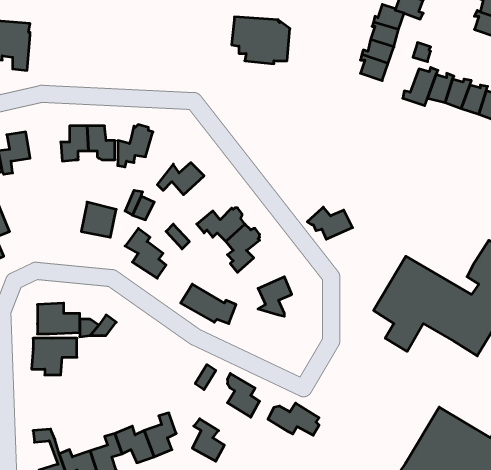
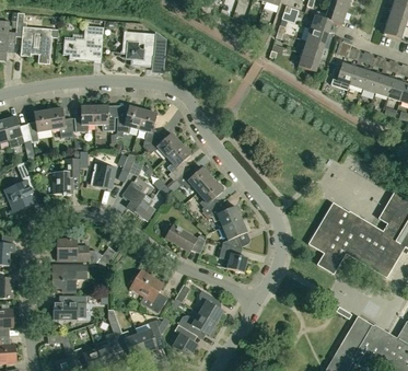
building: [232,17,290,64] -> [121,31,165,66]
building: none -> [62,25,104,60]
building: none -> [48,105,73,138]
building: none -> [138,109,159,149]
building: none -> [166,142,190,181]
building: none -> [53,158,80,193]
building: [307,207,353,239] -> [208,202,242,227]
building: none -> [219,242,248,271]
building: none -> [130,269,166,313]
building: none -> [53,294,85,318]
building: [268,403,319,435] -> [178,312,217,336]

